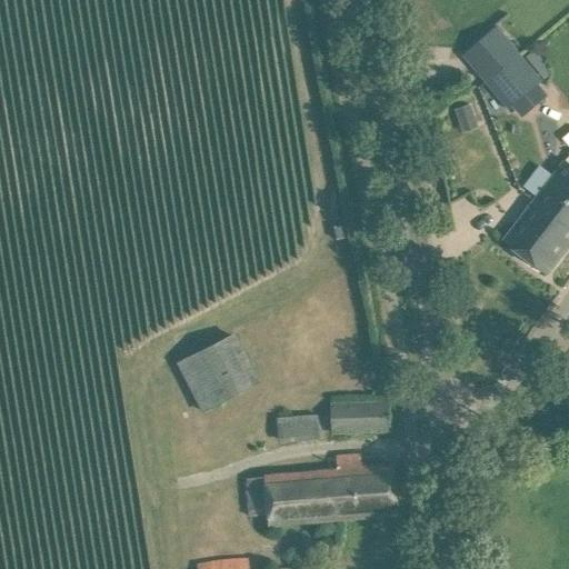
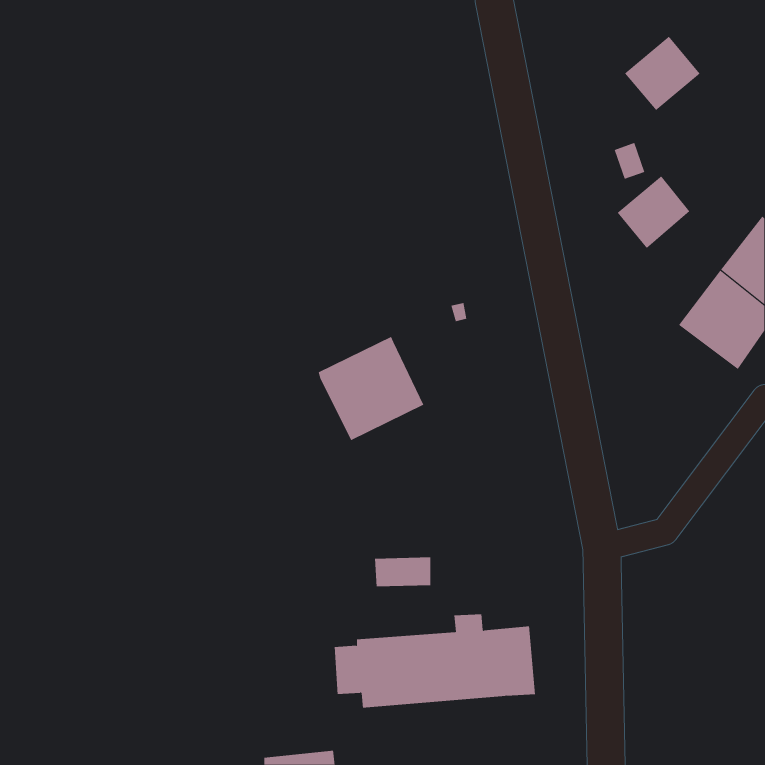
building: [487,54,541,109] -> [617,175,690,249]
building: [177,333,256,411] -> [318,336,424,441]
building: [332,403,388,433] -> none

